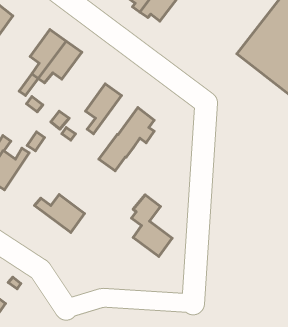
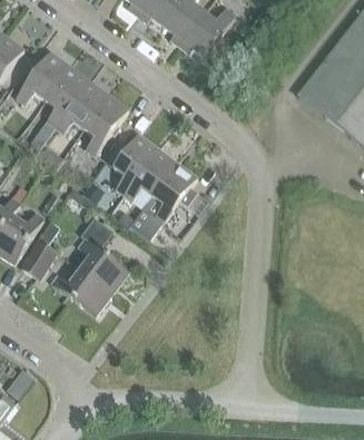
building: none -> [16,51,69,104]
building: none -> [83,94,128,155]
building: none -> [122,147,177,201]
building: none -> [20,239,57,278]
building: [131,195,172,256] -> [78,216,128,292]

